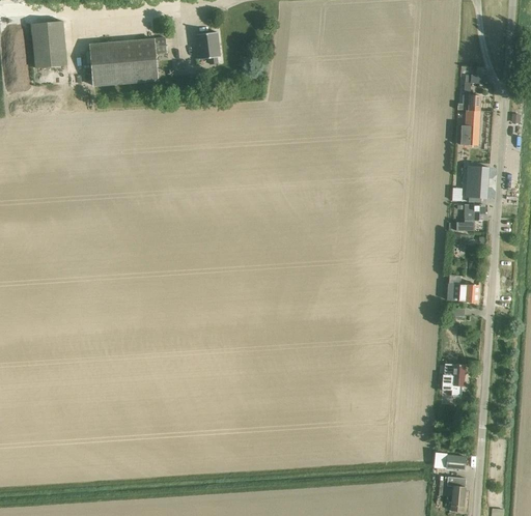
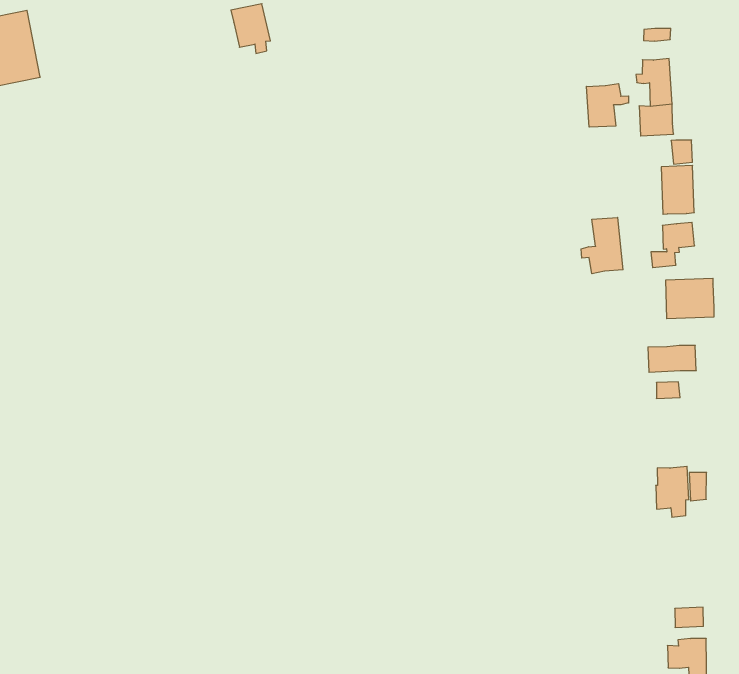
building: [89,37,167,86] -> none
building: none -> [586,84,629,127]
building: none -> [581,217,623,274]
building: none -> [666,278,714,319]

